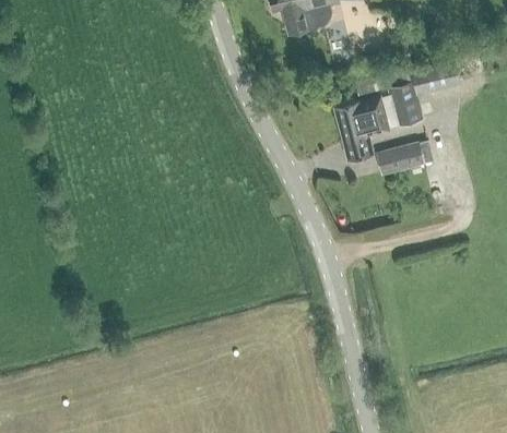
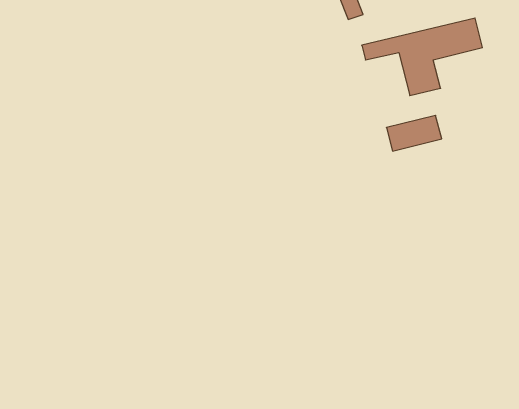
building: [335,95,390,159] -> none

